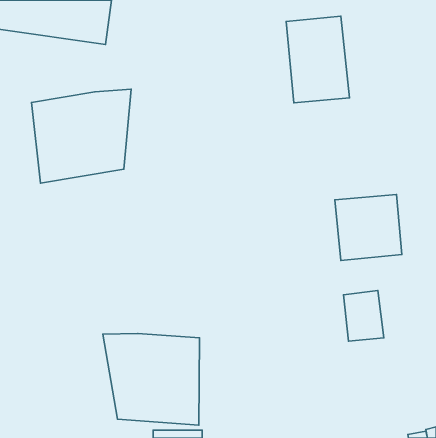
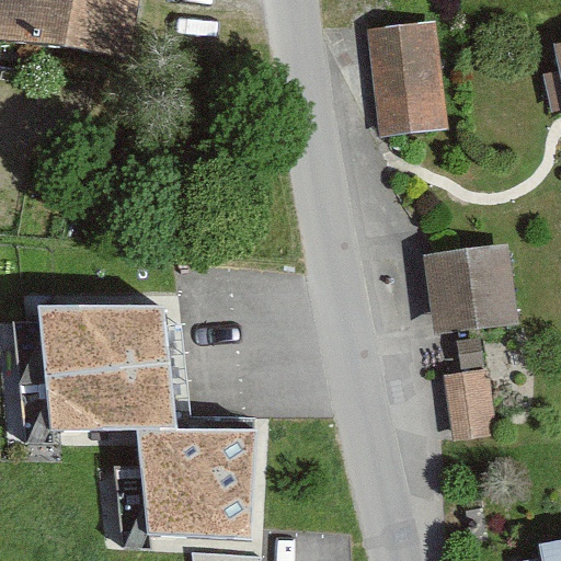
building: [32,89,131,183] -> none
building: none -> [36,304,176,430]

